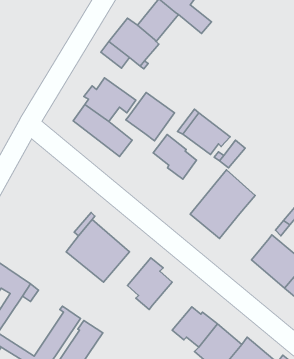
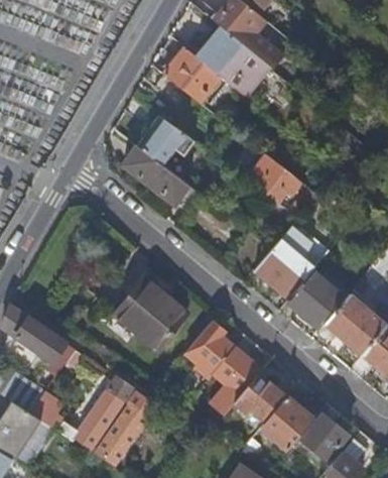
building: none -> [217,44,270,98]
building: [126,93,175,141] -> none
building: [153,134,197,179] -> none
building: none -> [286,269,345,328]
building: none -> [192,347,261,430]

